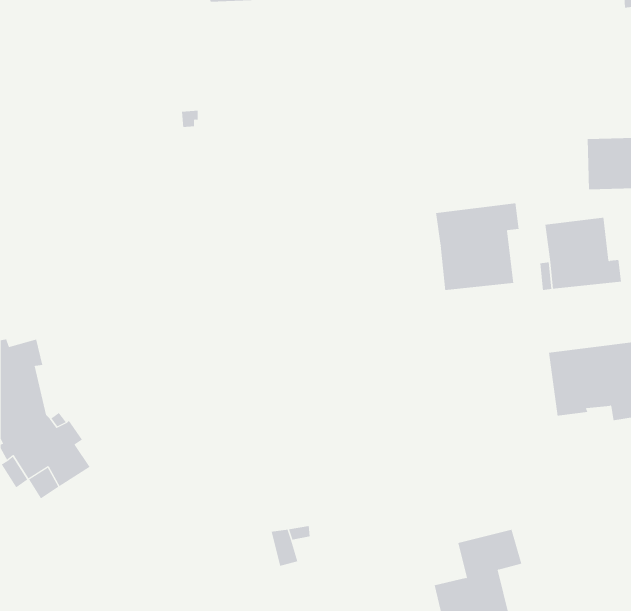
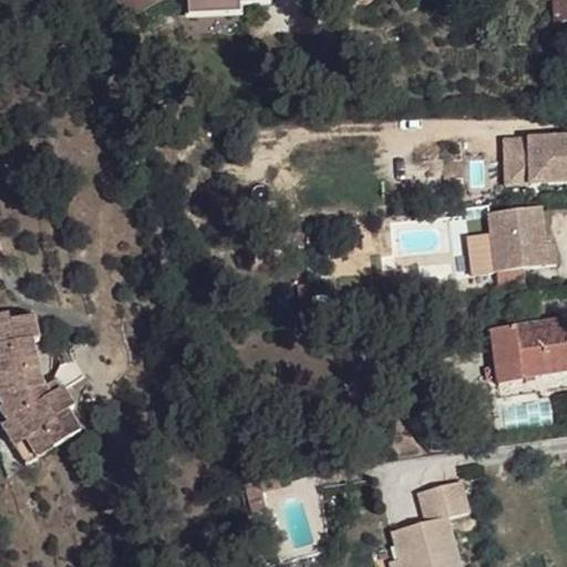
building: none -> [501,135,525,182]
building: [436,203,519,291] -> none

